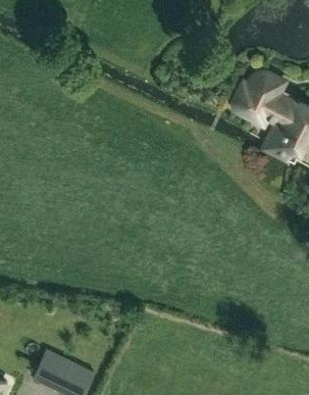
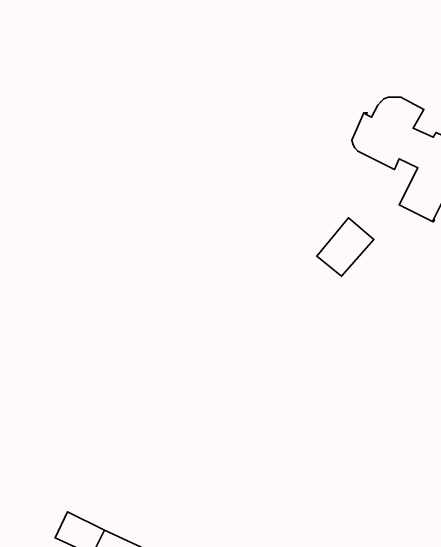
building: none -> [317,218,374,276]

